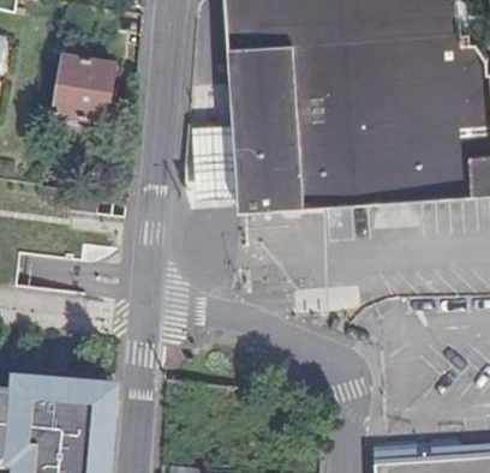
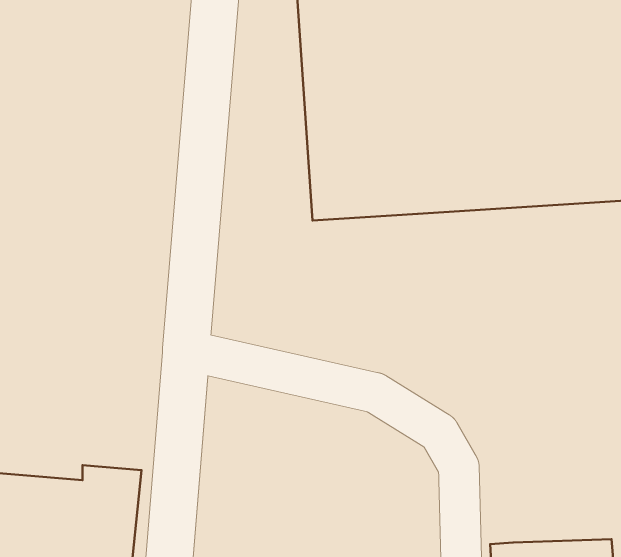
building: [52,52,113,119] -> none

